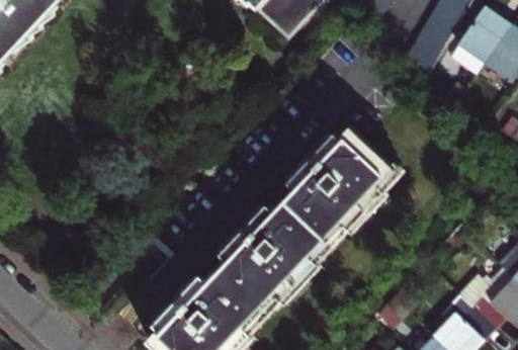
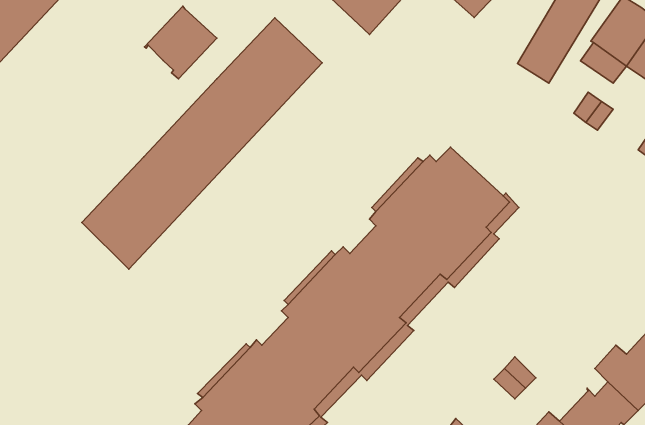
building: none -> [145,6,217,79]
building: none -> [82,18,322,269]

